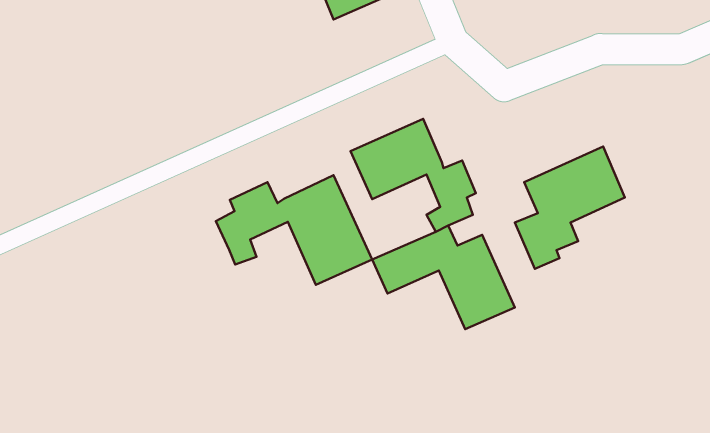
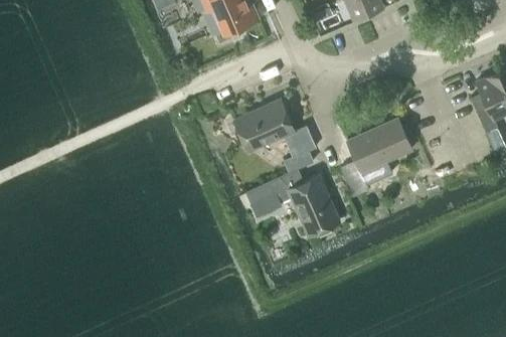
building: [216,175,372,285] -> none

